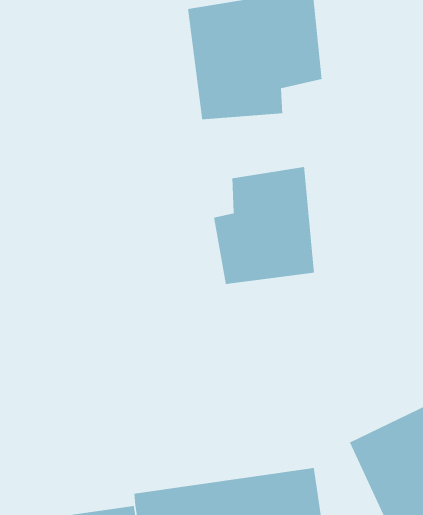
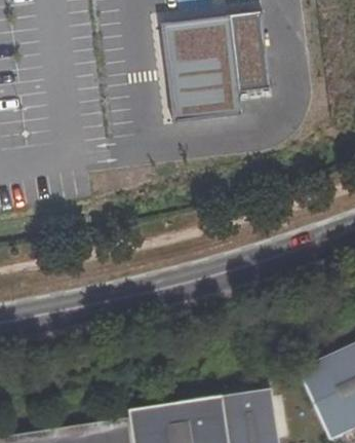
building: [213,166,315,285] -> none

